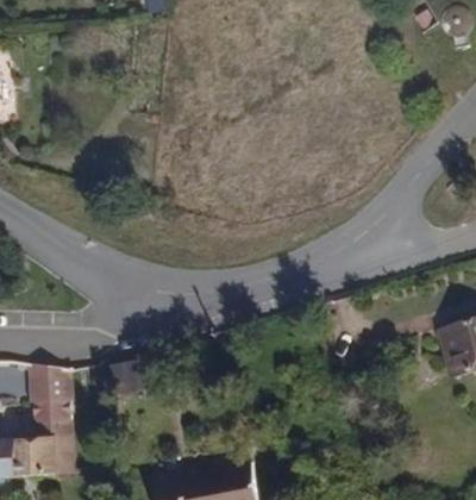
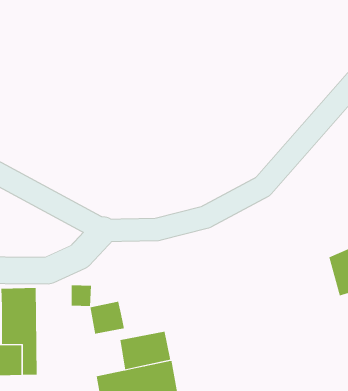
building: none -> [90,301,125,334]
building: none -> [120,331,171,370]

